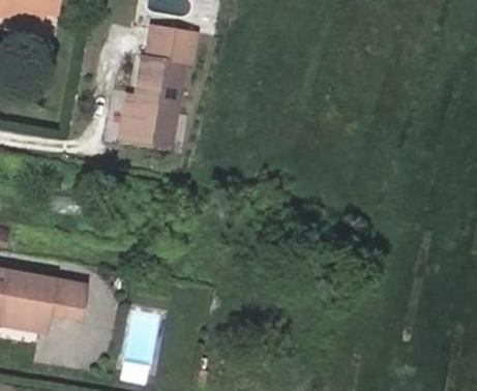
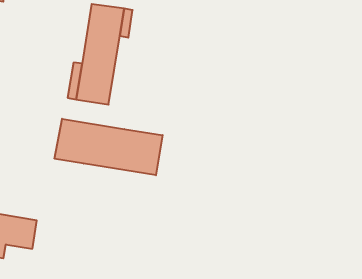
building: none -> [55,119,163,175]

